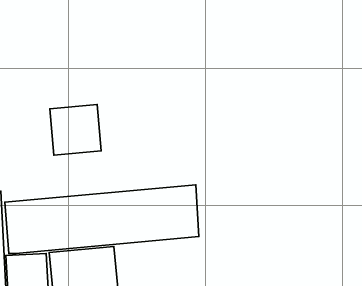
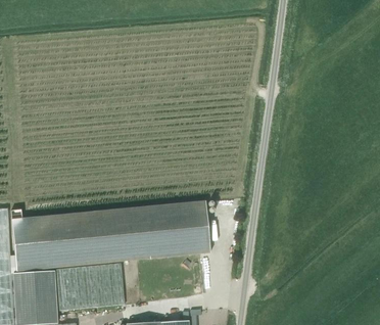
building: [50,104,101,155] -> none

